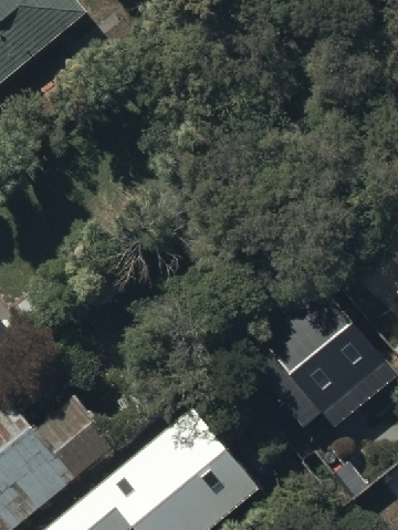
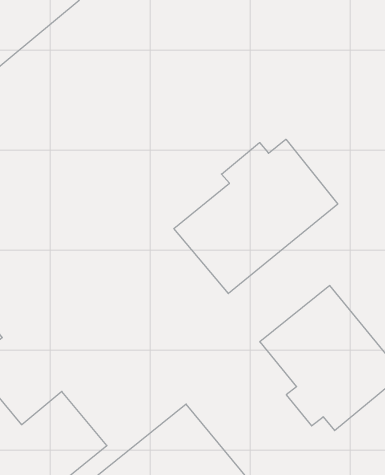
building: none -> [174,139,338,294]

